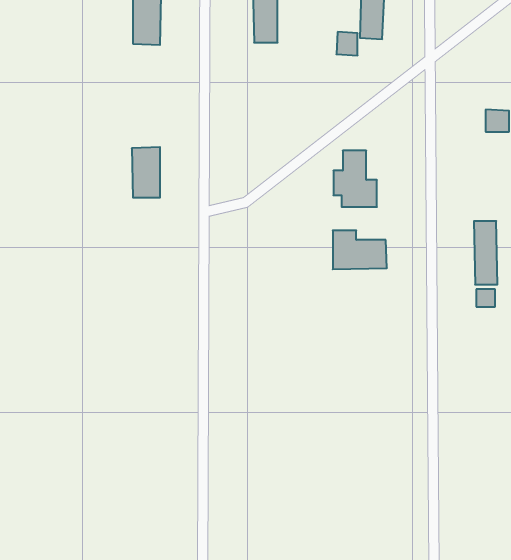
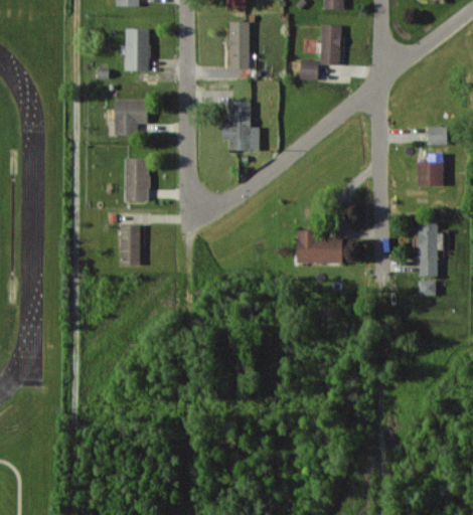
building: none -> [114,100,148,135]
building: none -> [417,153,444,186]
building: [333,151,377,207] -> [222,102,260,150]
building: none -> [121,224,141,265]

